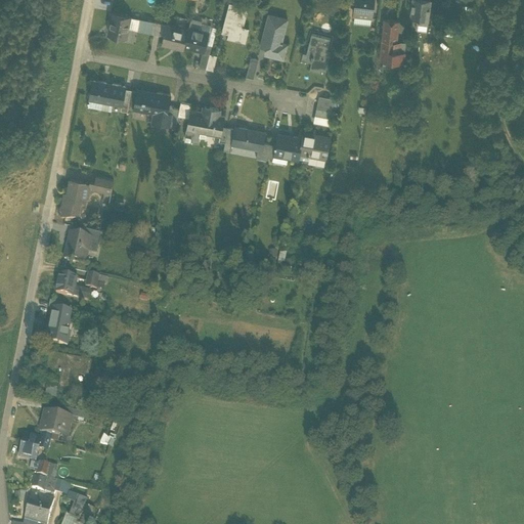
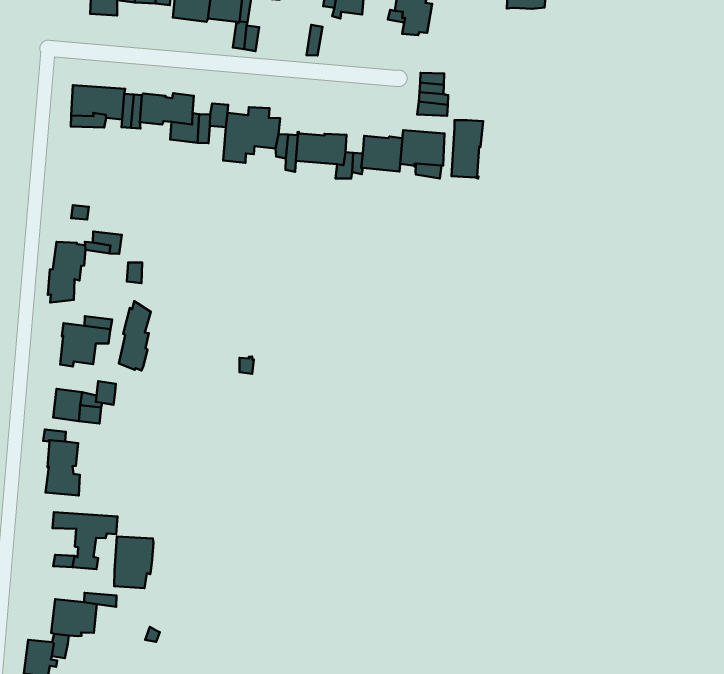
building: none -> [451,120,483,178]
building: none -> [119,301,151,370]
building: none -> [114,537,153,588]

